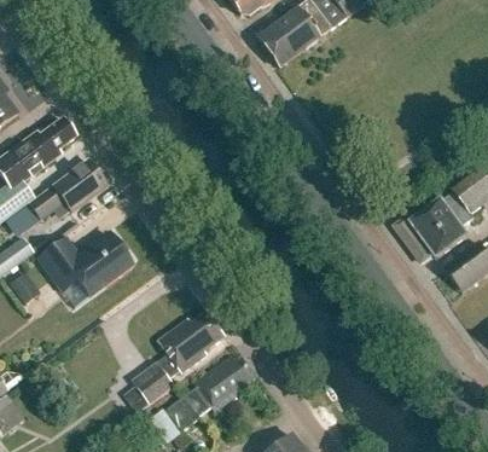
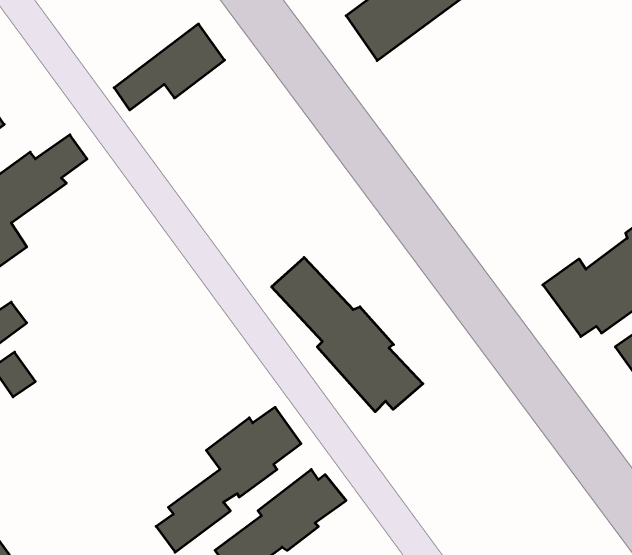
building: [28,158,105,219] -> [114,24,225,110]
building: none -> [272,257,423,412]
building: [37,232,132,296] -> none

